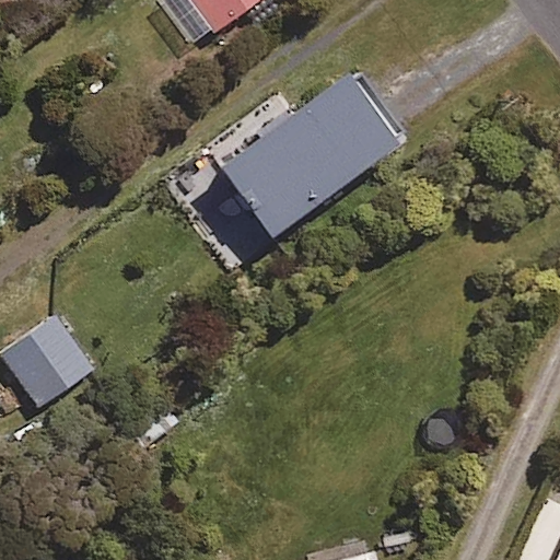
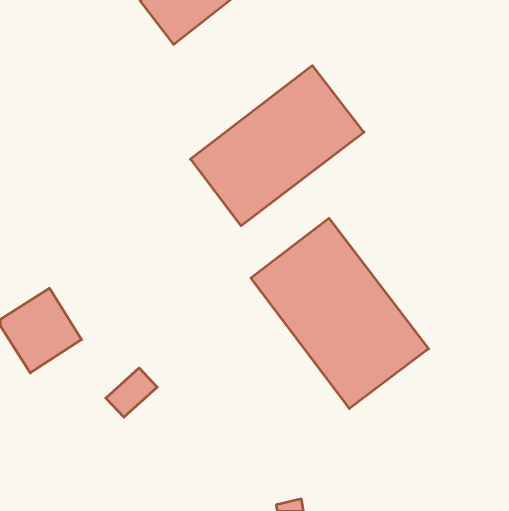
building: none -> [251,218,429,409]

